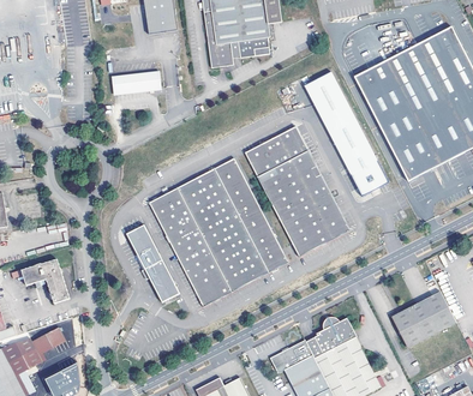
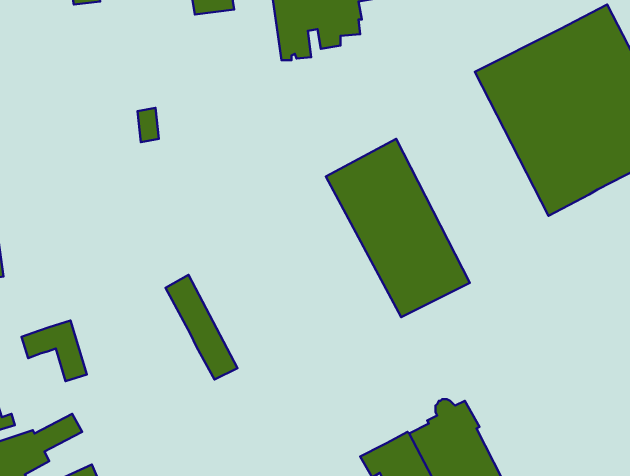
building: [112,71,161,94] -> none
building: [304,72,388,196] -> none
building: [149,157,288,306] -> none
building: [390,290,456,348] -> none

